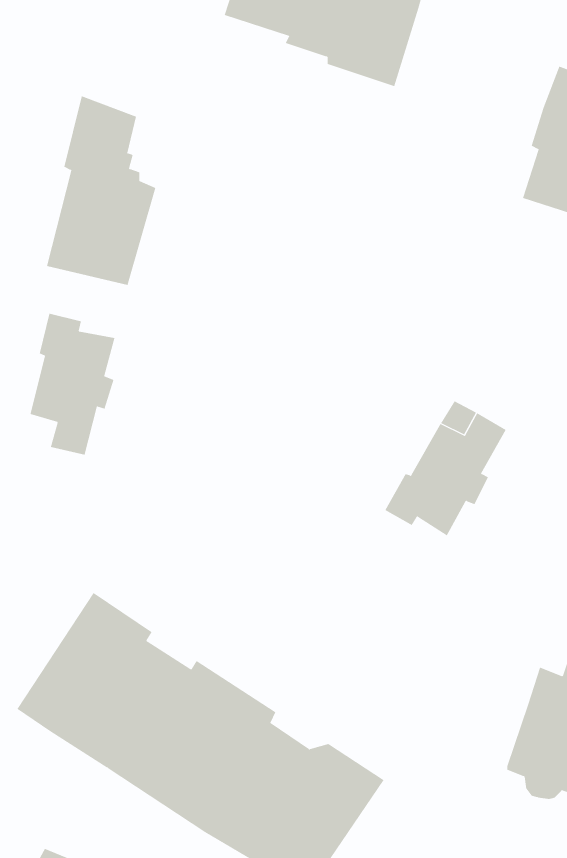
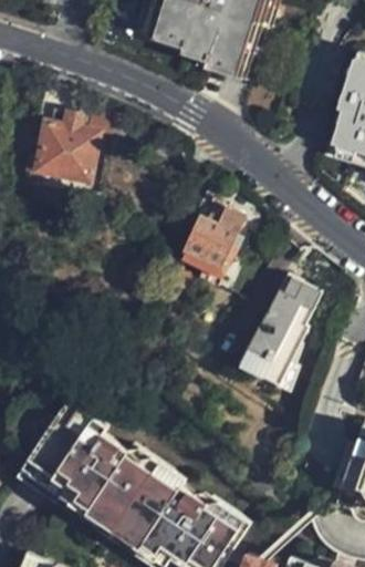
building: none -> [180,207,249,278]
building: [30,313,115,456] -> none
building: none -> [236,339,302,386]

